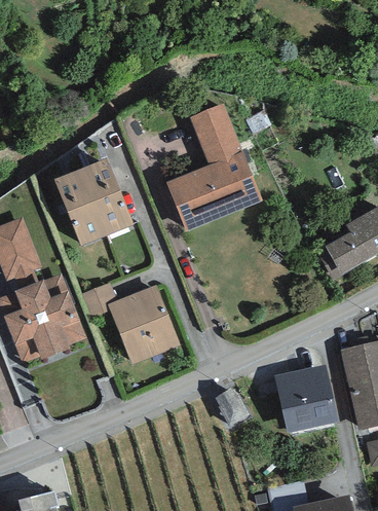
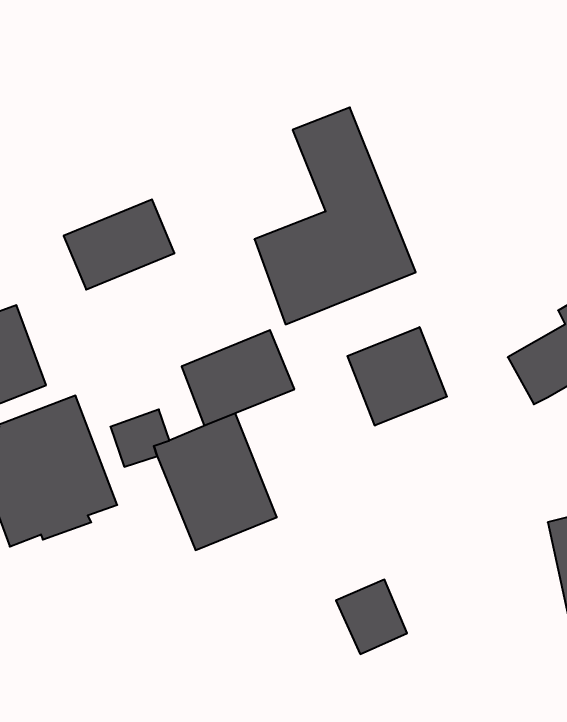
building: [67,189,134,246] -> [182,330,294,425]
building: none -> [347,327,447,426]
building: [274,364,338,433] -> none

